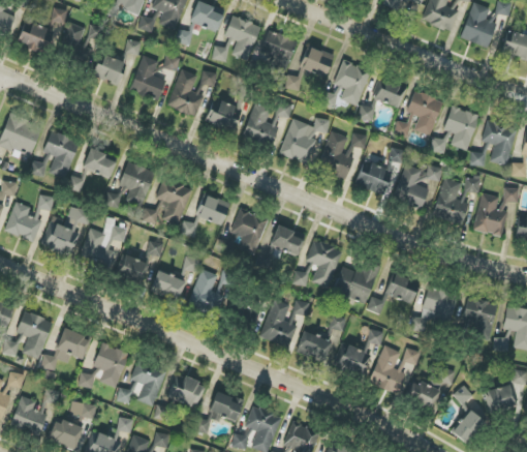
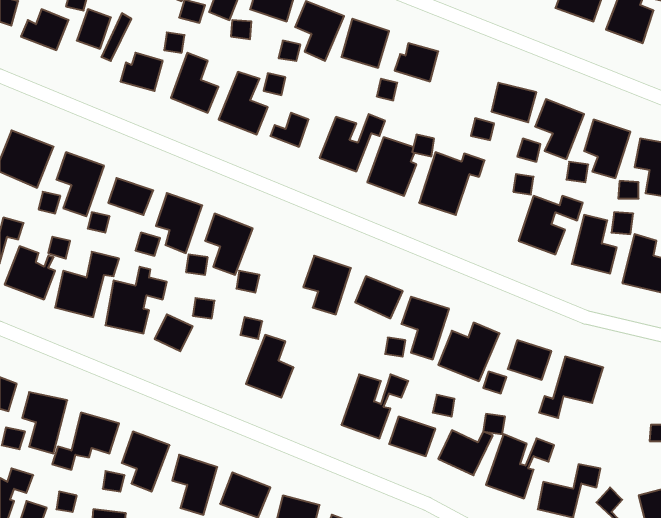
building: [322,60,370,107] -> none
building: [354,160,393,195] -> none
building: [195,193,230,225] -> none
building: [150,270,186,301] -> none
building: [463,298,496,339] -> none

